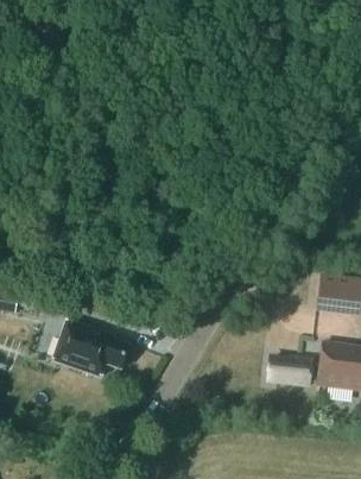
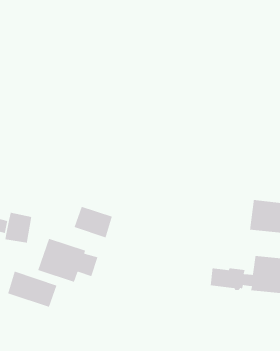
building: none -> [74,206,113,239]
building: none -> [7,271,58,308]

